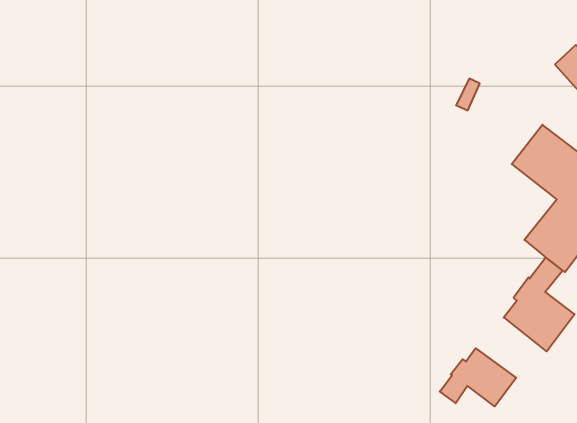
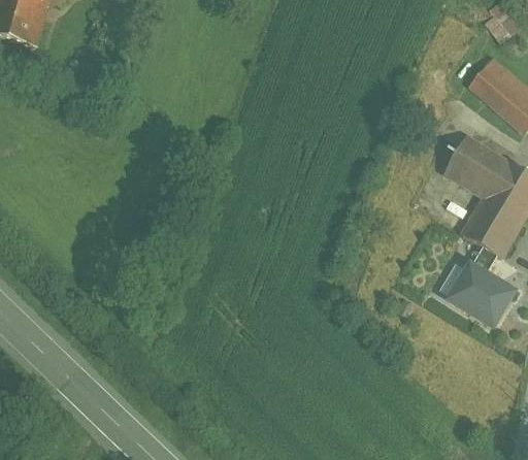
building: [440,348,516,406] -> none

